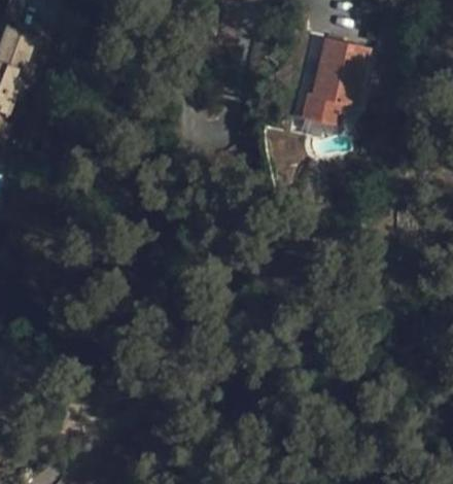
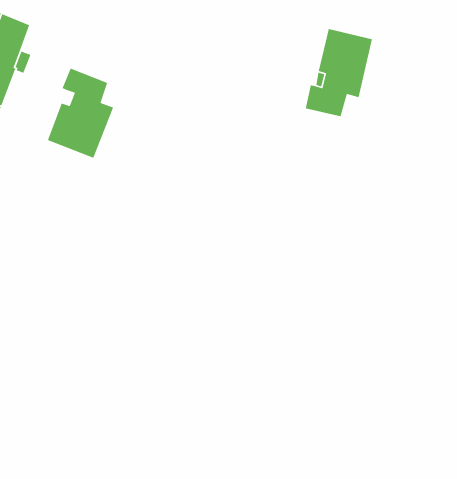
building: none -> [47,68,114,159]

